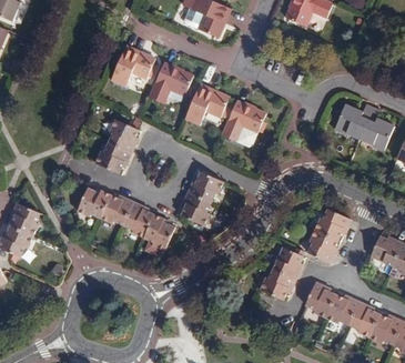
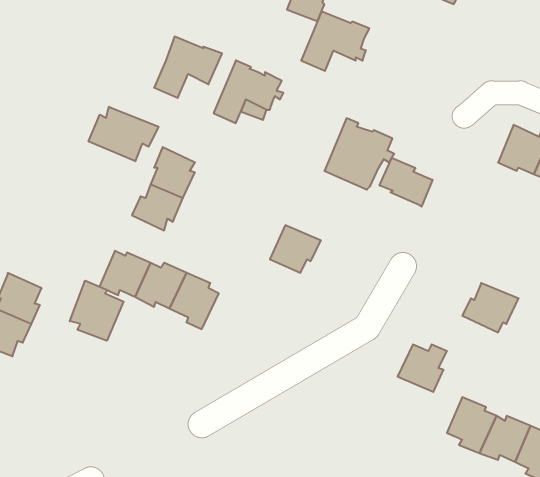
building: [186,85,231,124] -> [301,11,369,71]
building: none -> [89,107,159,161]
building: none -> [380,158,433,207]
building: [181,192,207,223] -> none
building: none -> [70,281,124,341]
building: [143,214,174,250] -> none
building: [305,229,336,263] -> none
building: [259,269,294,300] -> none

